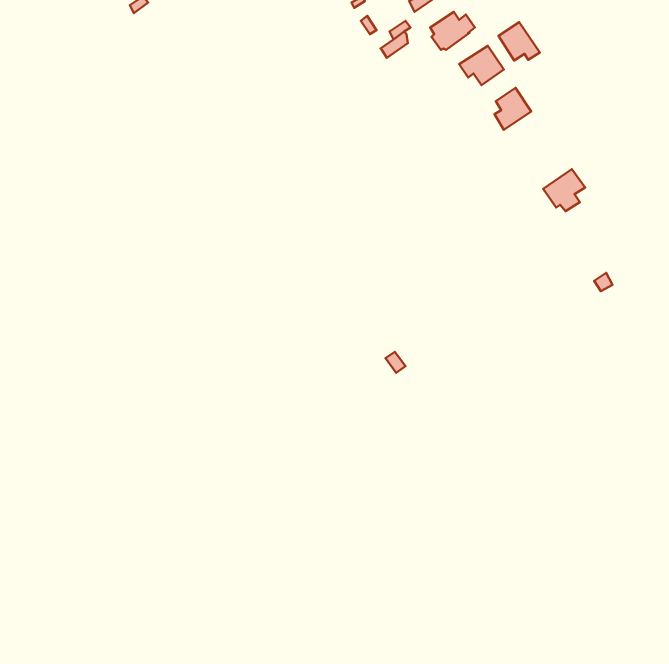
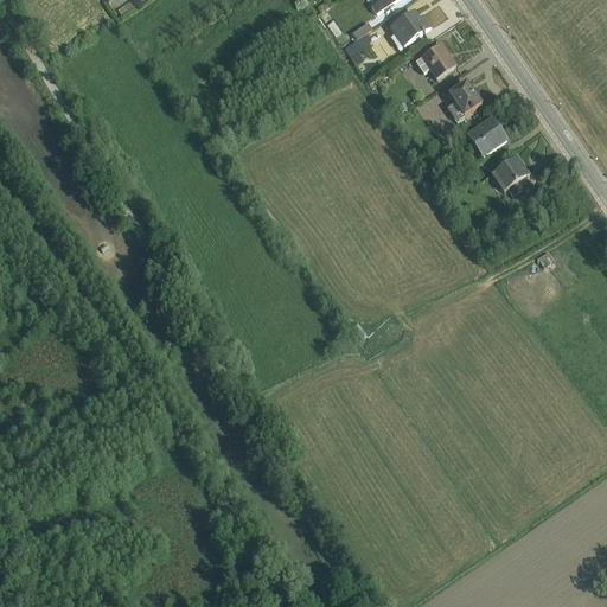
building: [499,22,540,61] -> none
building: none -> [467,115,506,154]

